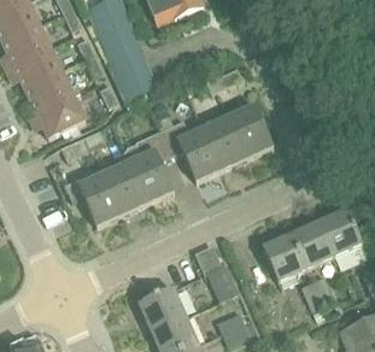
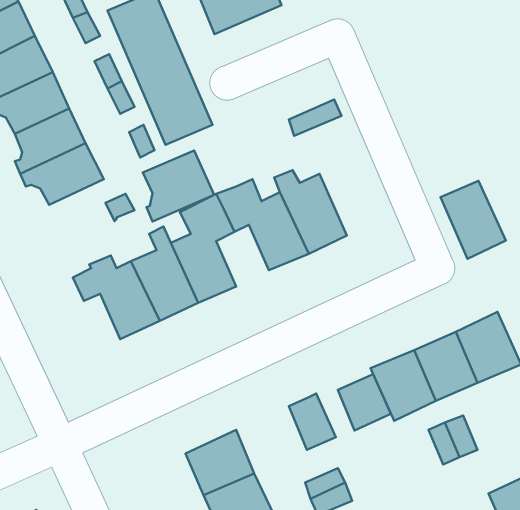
building: none -> [143,150,214,222]
building: [227,107,270,159] -> [440,181,506,259]
building: none -> [338,374,391,430]

